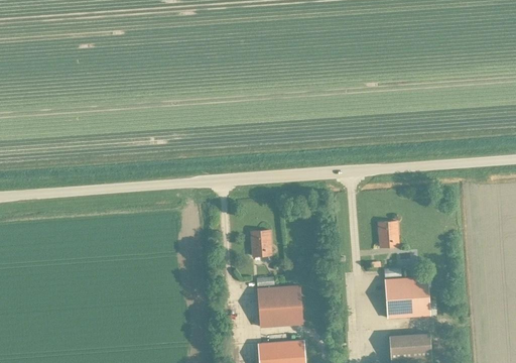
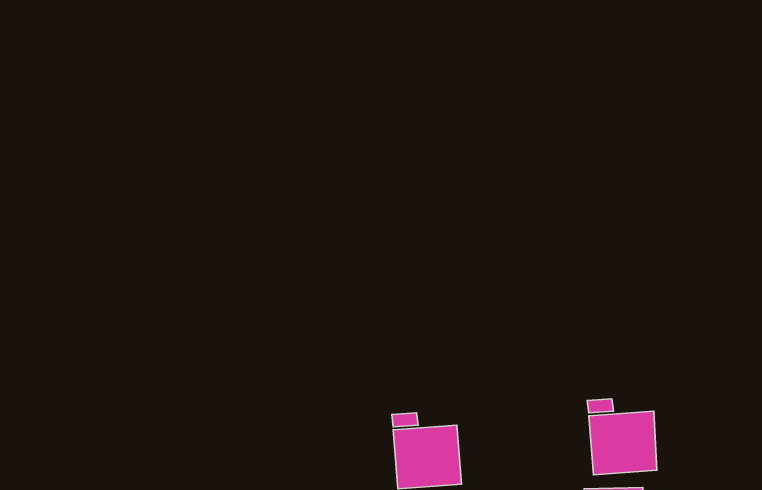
building: [378,221,398,247] -> none
building: [251,230,271,256] -> none

